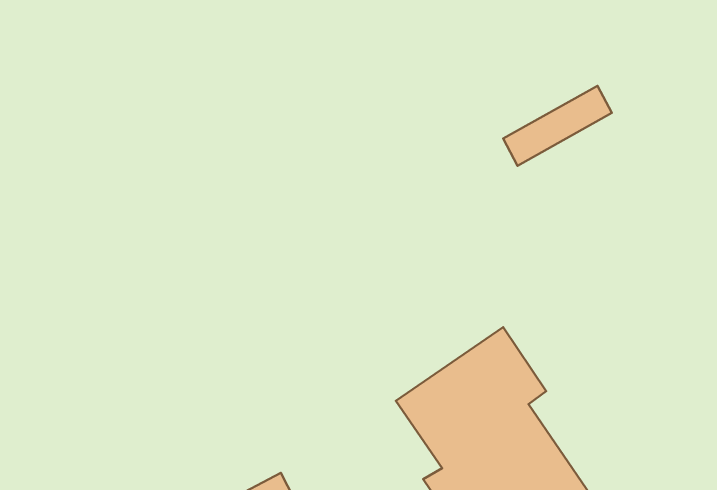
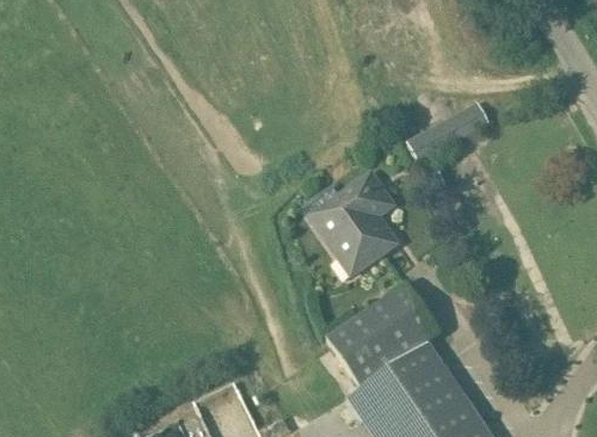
building: none -> [310,178,390,266]

